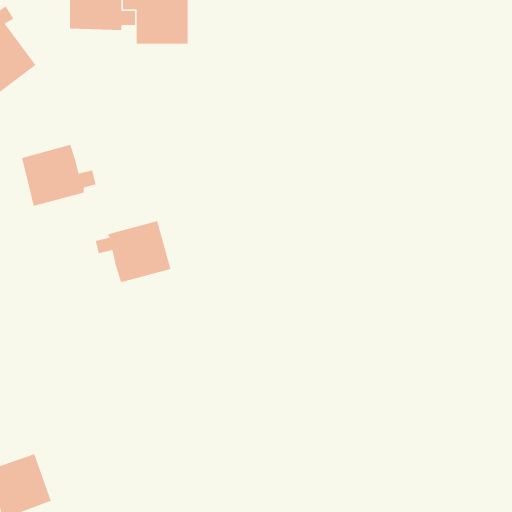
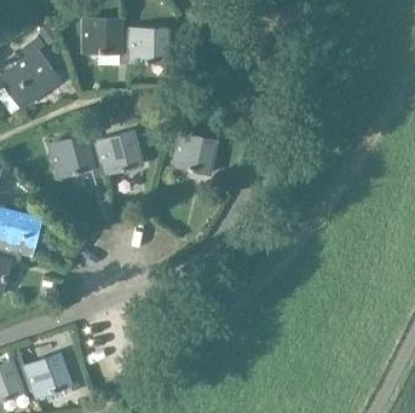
building: none -> [173,132,218,175]
building: [95,220,172,283] -> [88,130,143,175]

